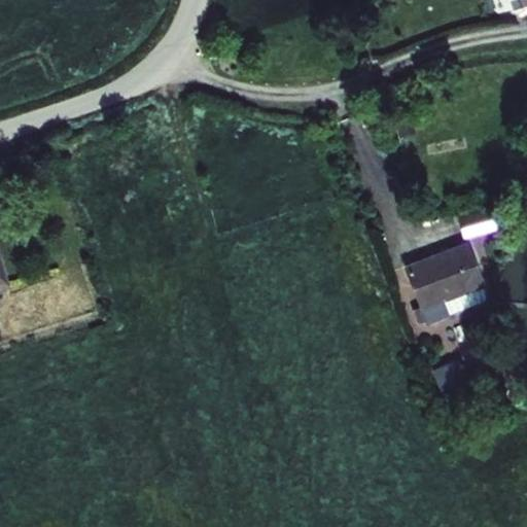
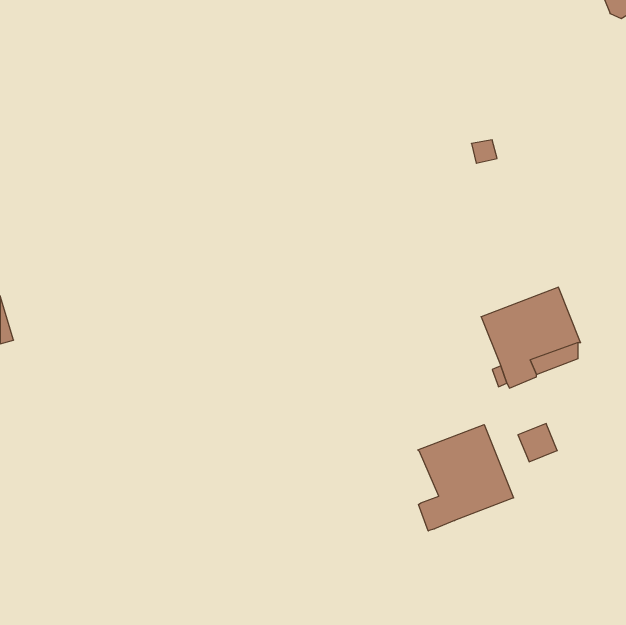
building: none -> [418,425,514,531]

